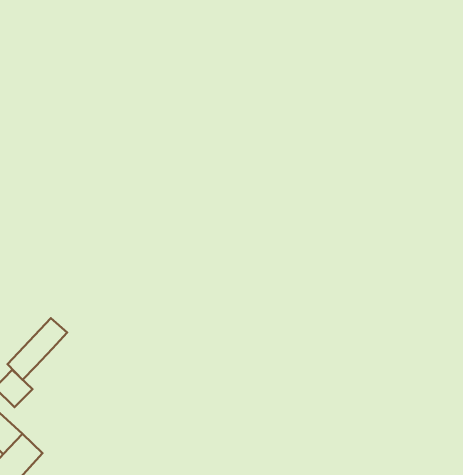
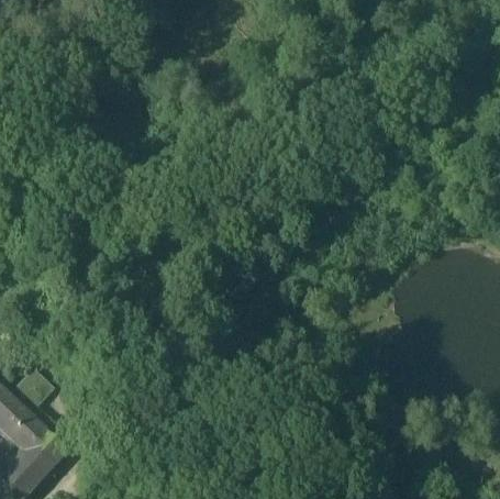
building: [7,318,67,380] -> none

